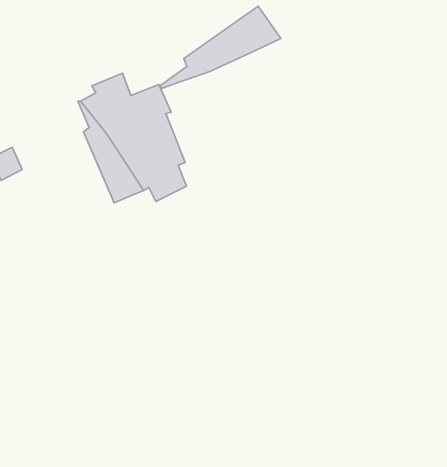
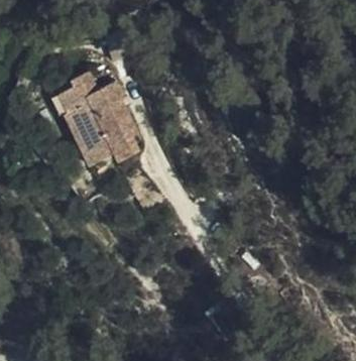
building: [160,6,281,88] -> none

